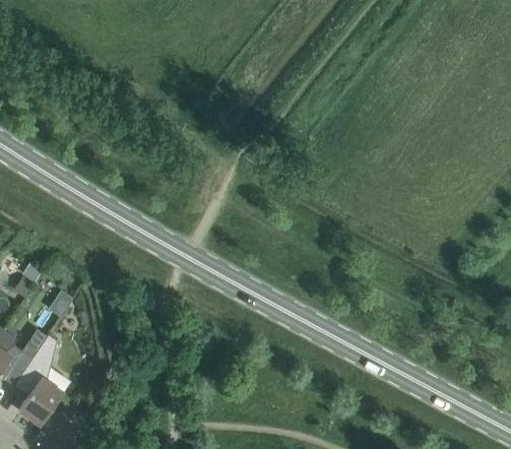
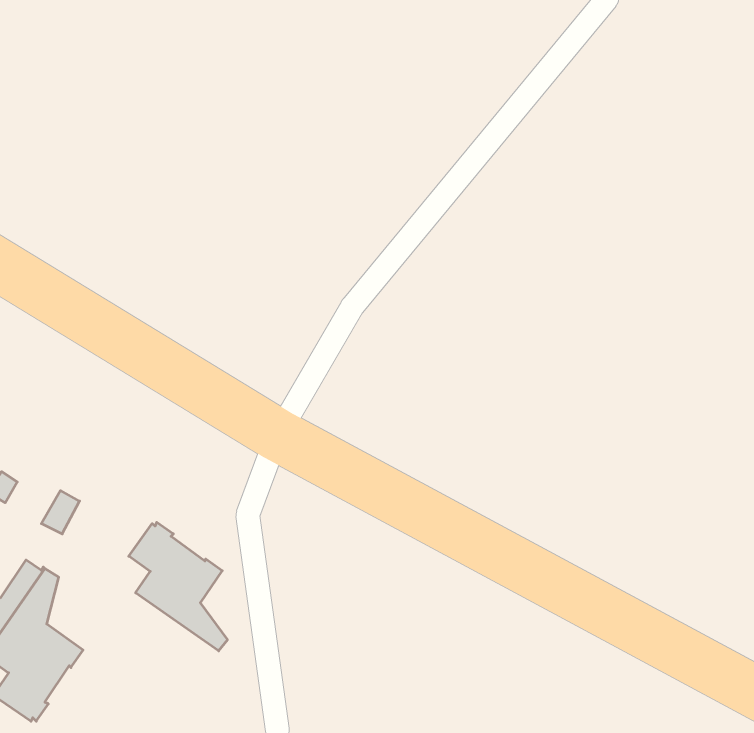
building: none -> [129,522,227,651]

